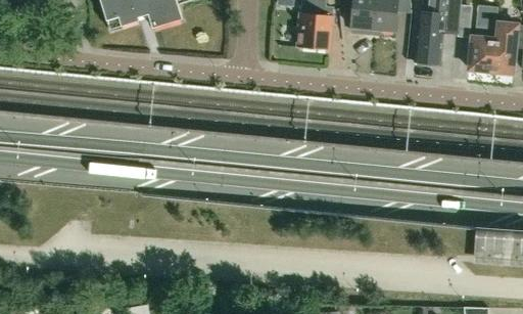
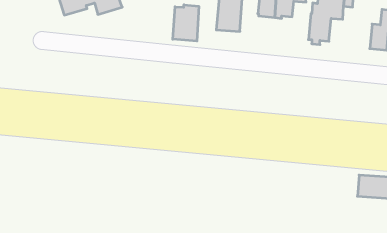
building: none -> [173,5,199,41]
building: [468,21,506,72] -> none

